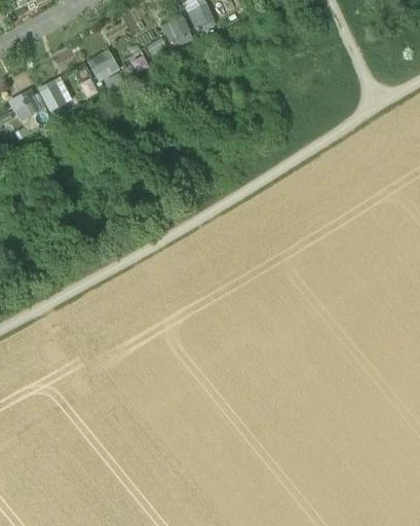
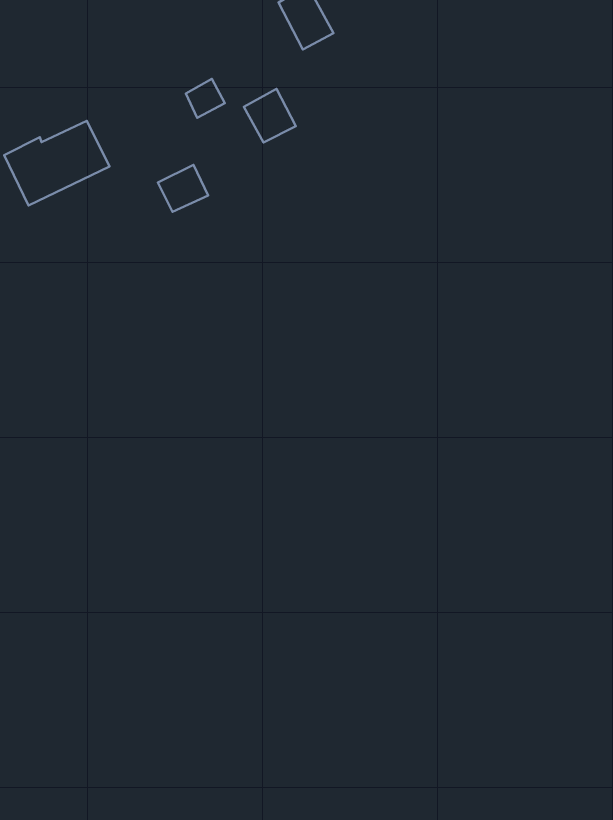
building: [159,12,192,46] -> [244,89,296,142]
building: [86,49,118,79] -> [158,165,208,212]

